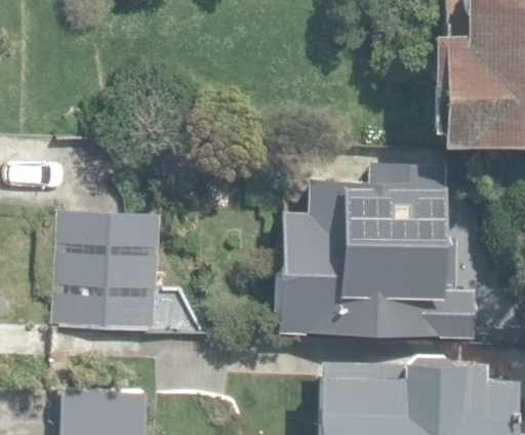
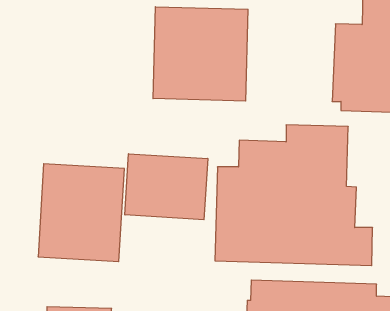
building: none -> [153,7,248,101]
building: none -> [125,154,208,220]

